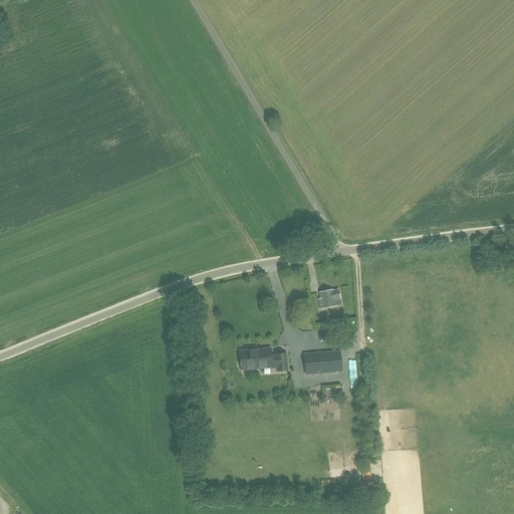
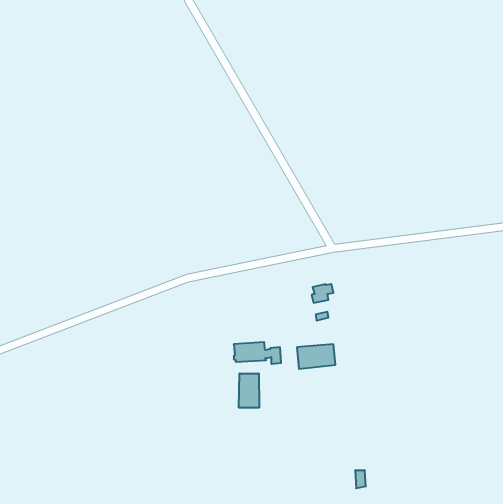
building: none -> [239,373,259,408]

